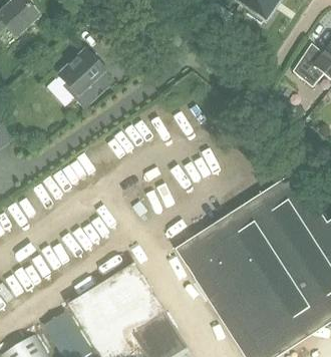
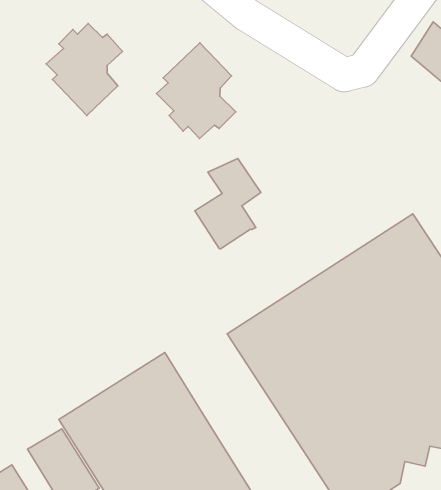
building: none -> [156,43,236,139]
building: none -> [195,158,261,249]

